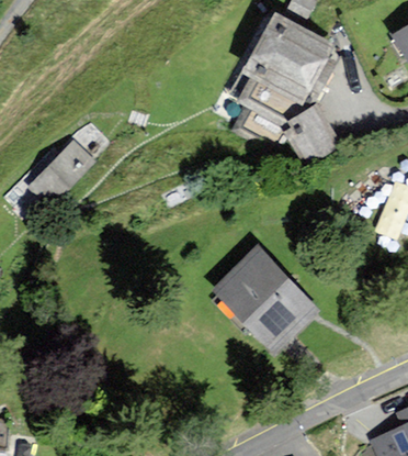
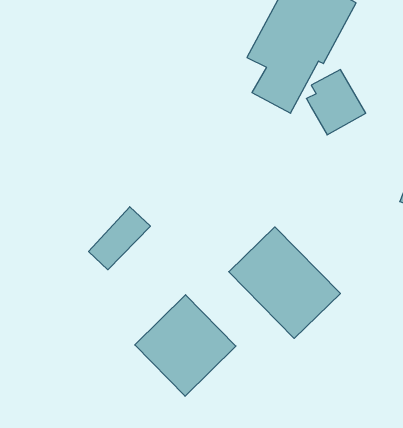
building: [35,142,91,199] -> [89,207,150,270]
building: none -> [135,295,236,396]

